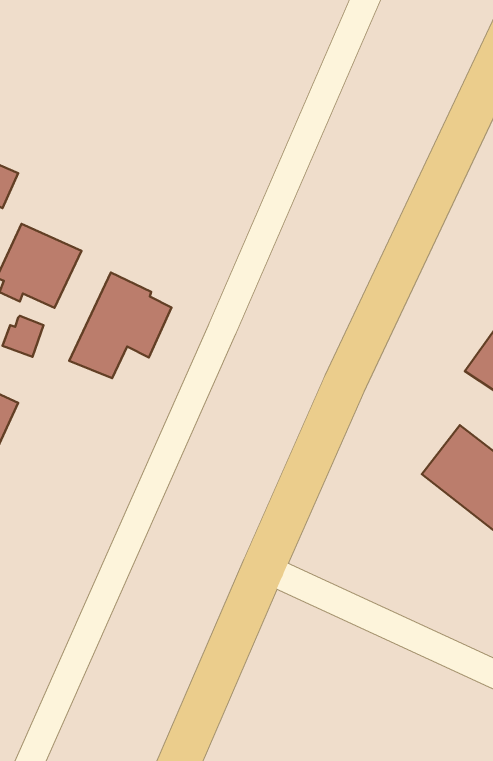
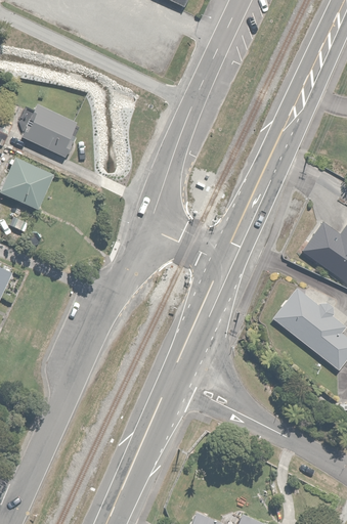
building: none -> [20,104,79,157]
building: [69,272,171,378] -> none

